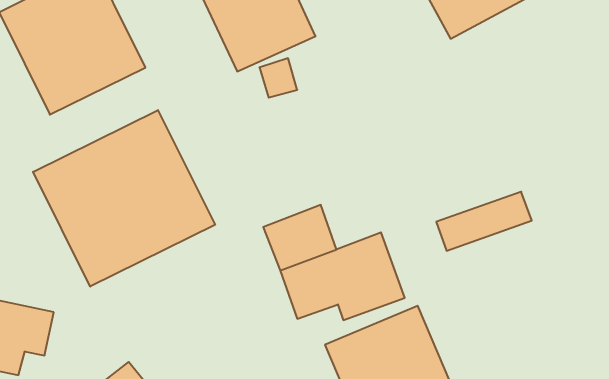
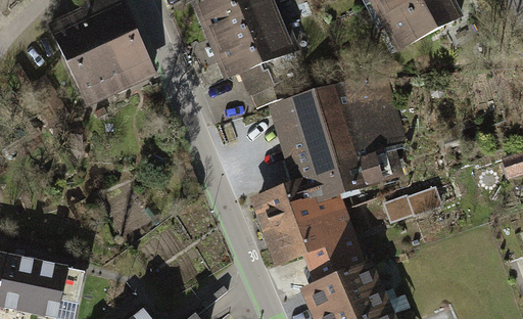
building: none -> [281,90,405,206]
building: [33,110,215,287] -> none

